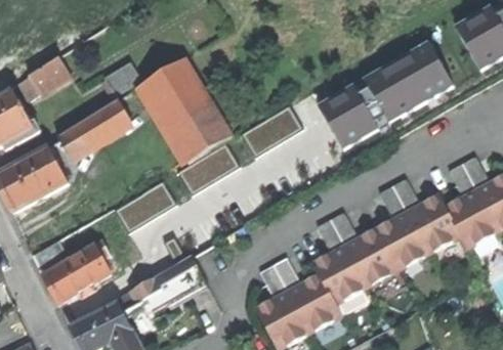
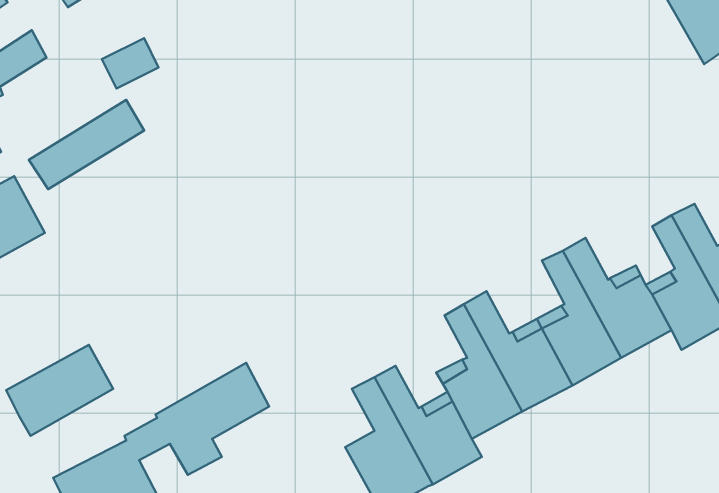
building: [319,40,456,150] -> none
building: [138,50,229,158] -> none
building: [239,105,301,159] -> none
building: [175,144,238,198] -> none
building: [113,182,175,234] -> none

